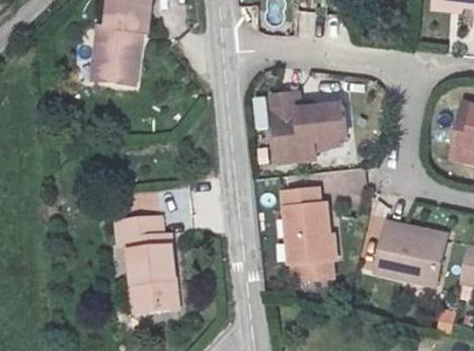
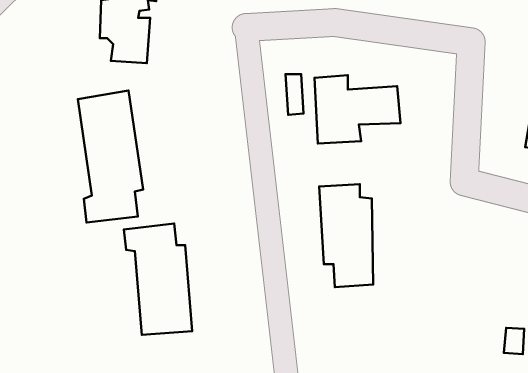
building: none -> [78,91,143,222]
building: [385,226,450,283] -> none

